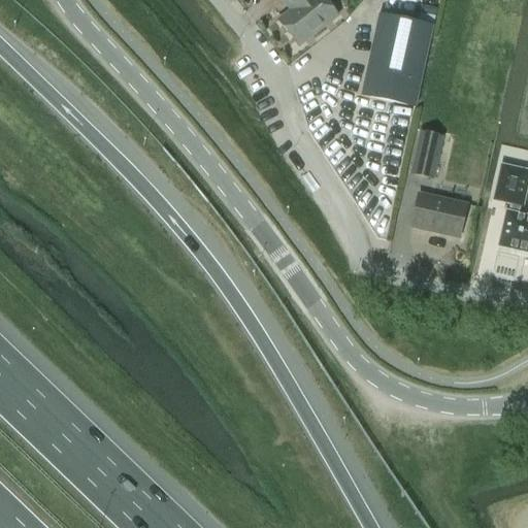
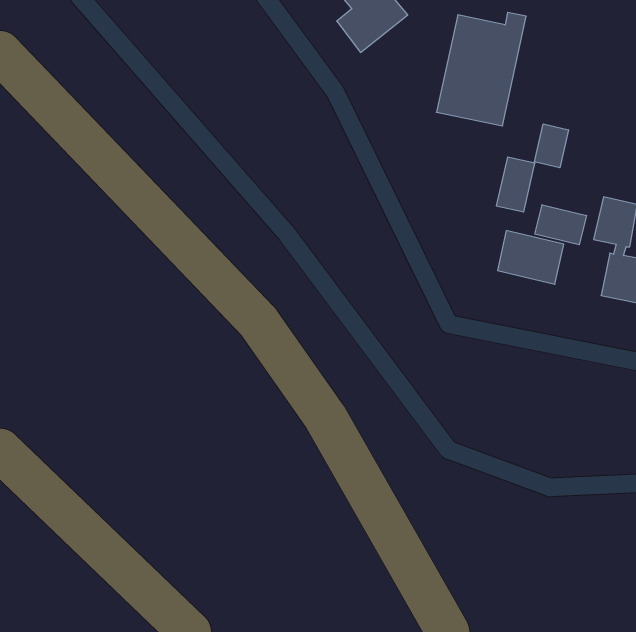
building: none -> [534,124,568,168]
building: none -> [535,205,586,245]

